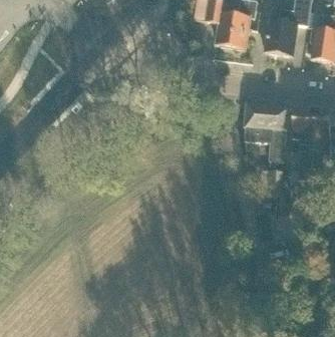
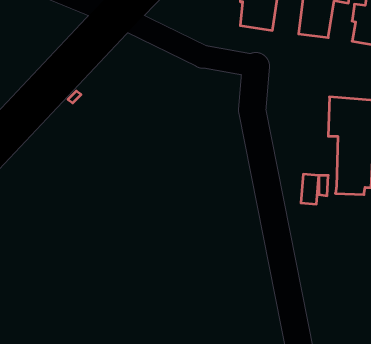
building: [243,100,288,165] -> none

